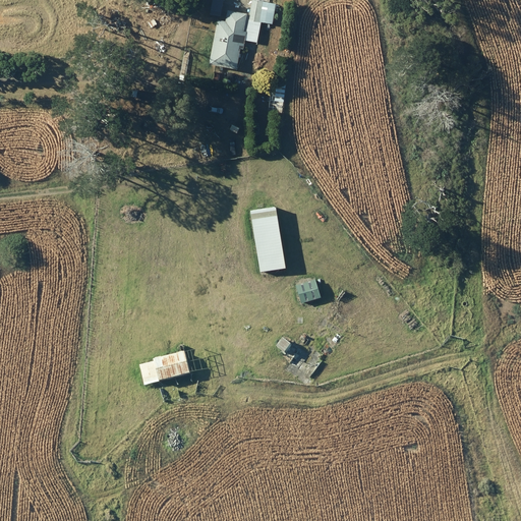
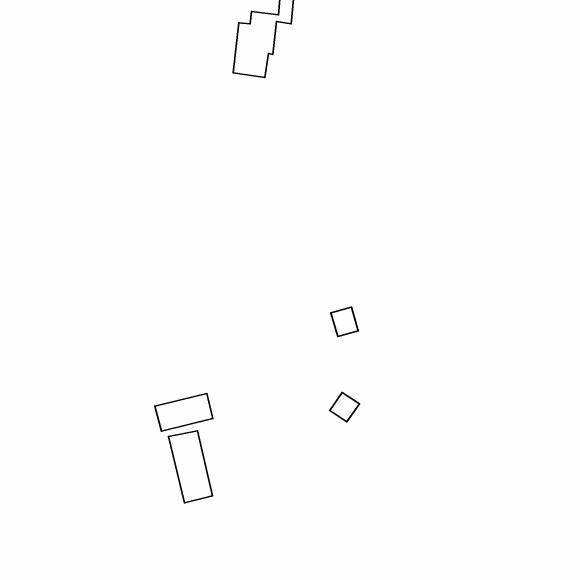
building: [249,204,287,272] -> none
building: none -> [169,431,213,503]

